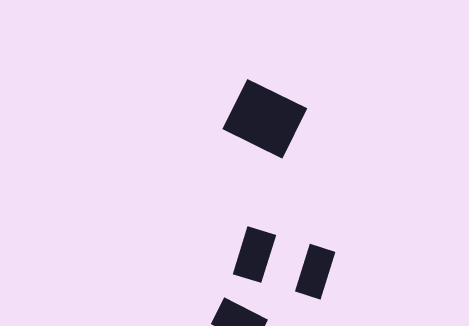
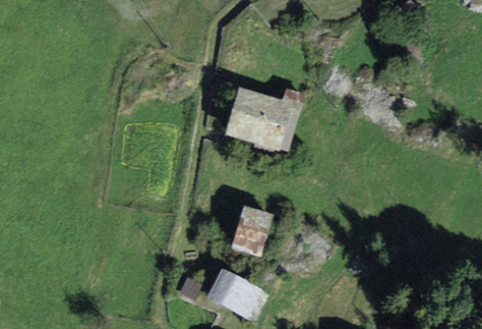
building: [294,243,336,301] -> none

